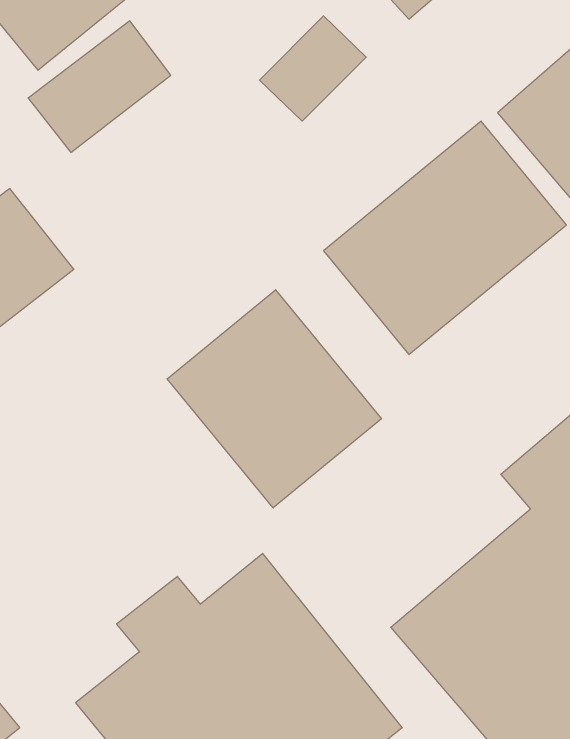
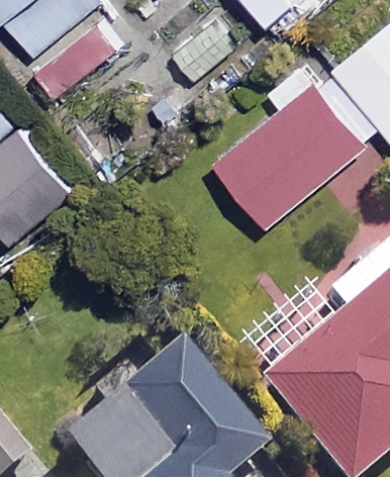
building: [167,290,382,508] -> none

